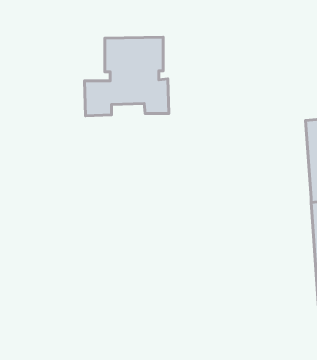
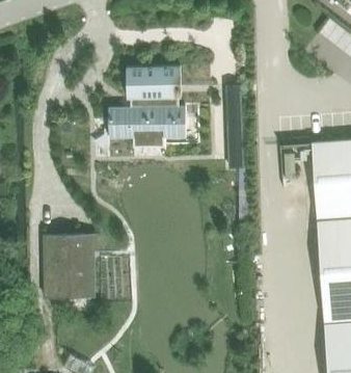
building: none -> [44,235,86,298]

